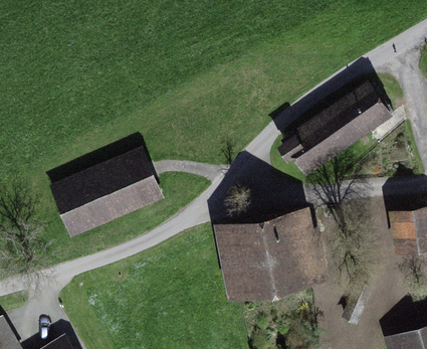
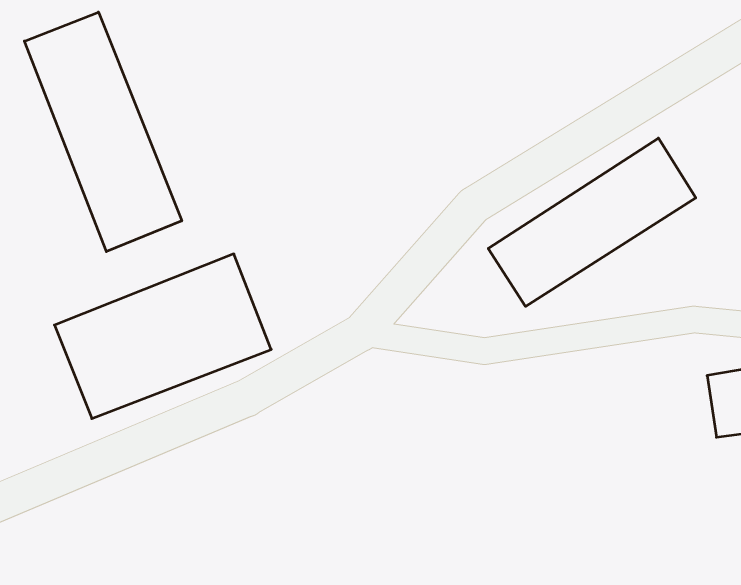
building: none -> [24,12,182,252]
building: [221,209,318,294] -> none

